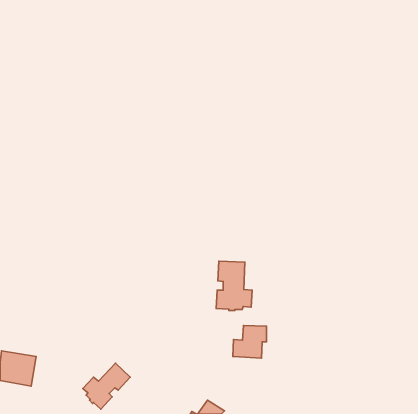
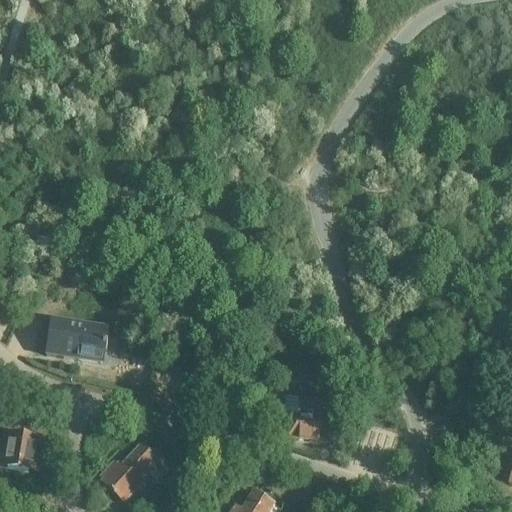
building: none -> [46,317,107,360]
building: [216,261,252,311] -> none

